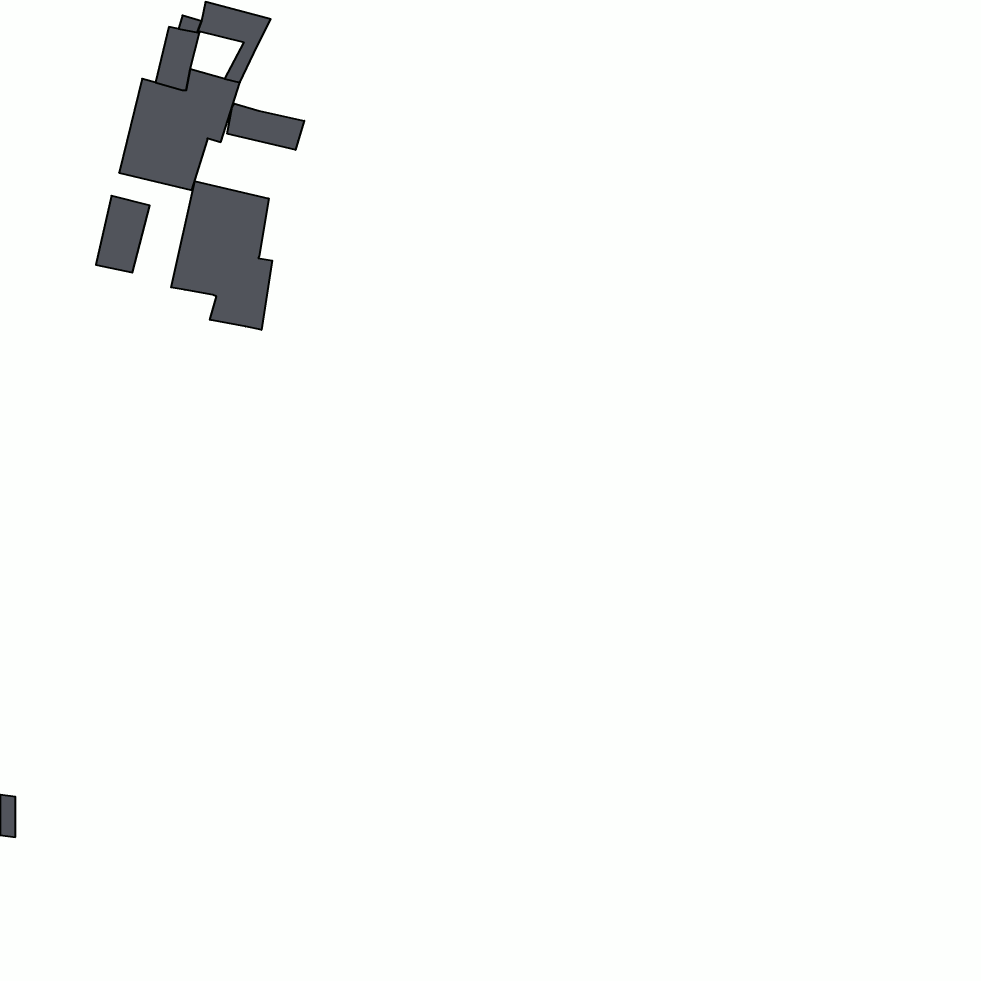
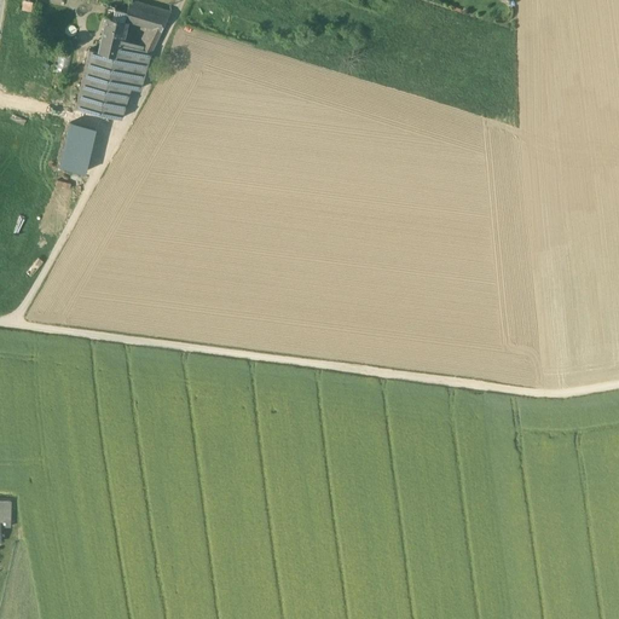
building: [227,104,304,150] -> none
building: [171,181,272,330] -> none

